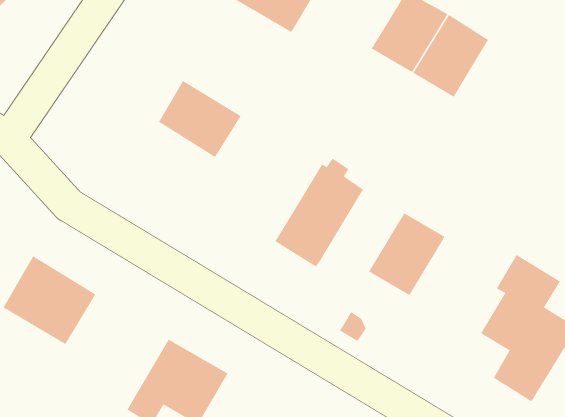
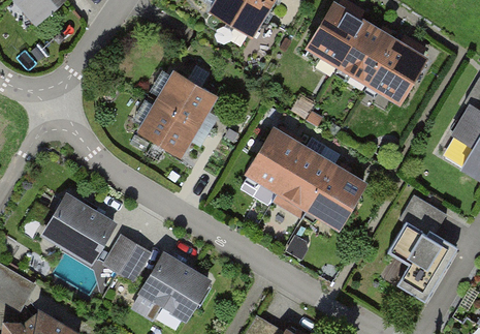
building: none -> [370,41,425,100]
building: none -> [138,100,198,156]
building: none -> [274,149,333,217]
building: none -> [106,238,149,280]

